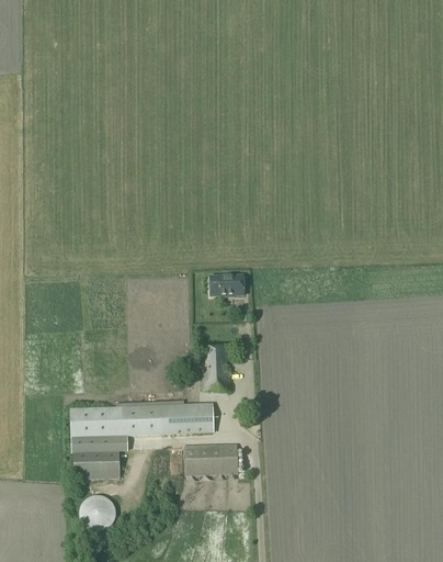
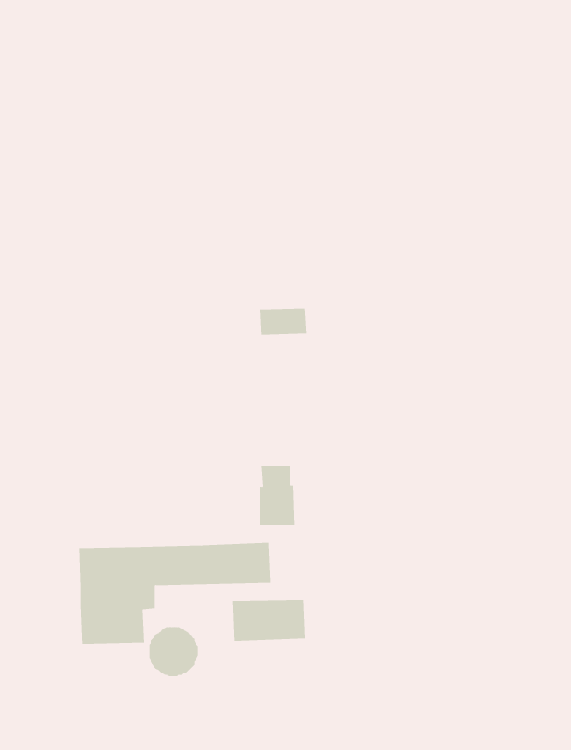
building: [208,277,243,296] -> [259,308,307,335]
building: [79,496,115,532] -> [149,627,198,677]

